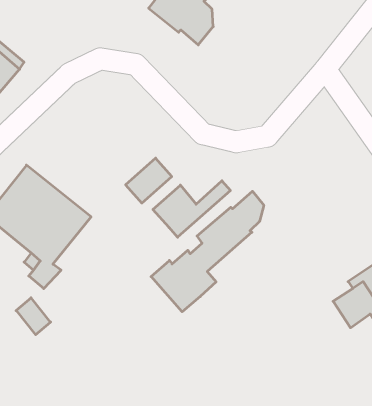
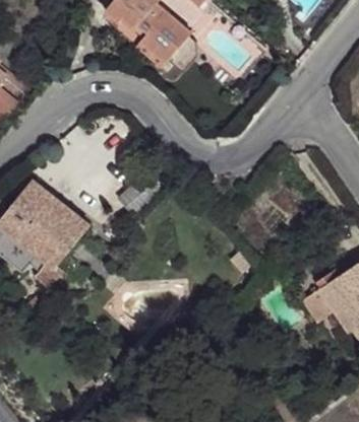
building: [153,181,230,237] -> none
building: [151,191,264,312] -> none

